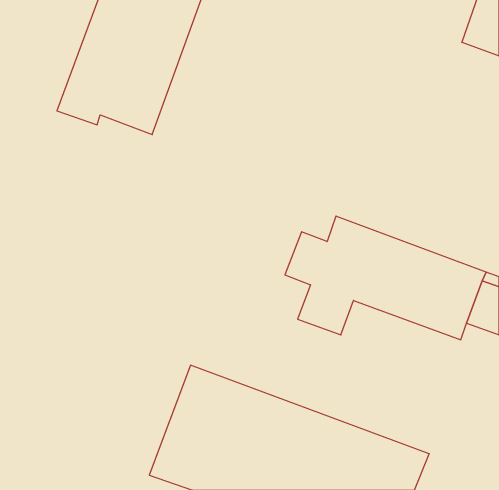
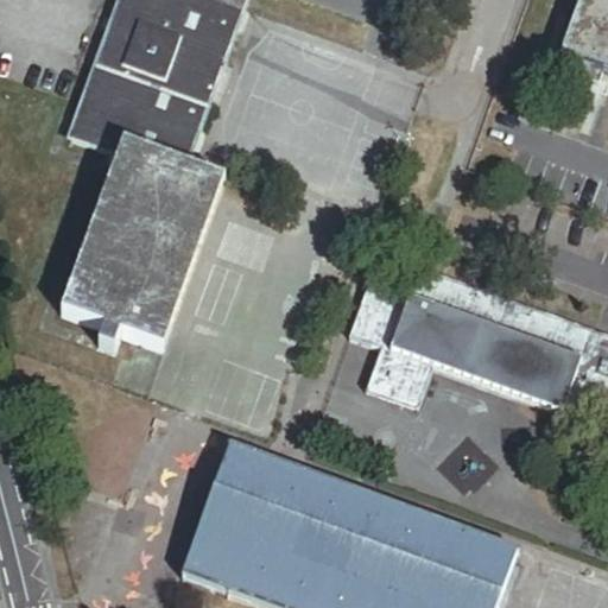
building: none -> [59,139,223,347]

